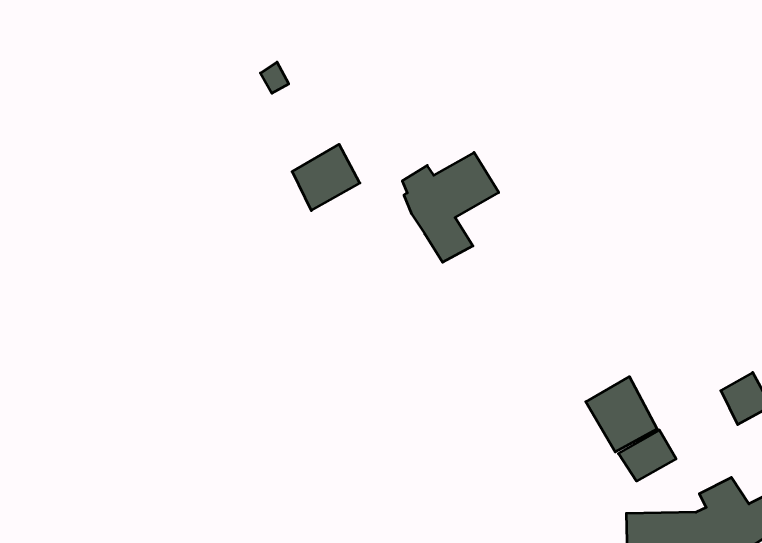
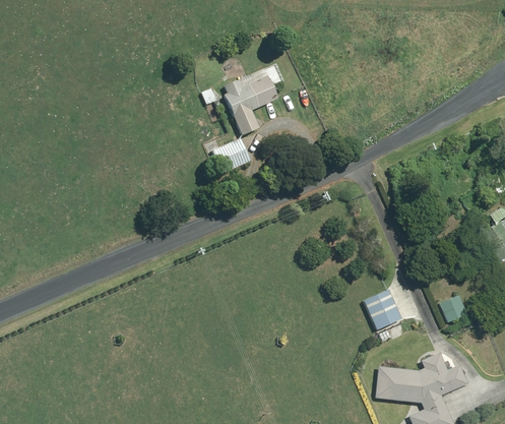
building: [402,152,499,262] -> [224,74,277,134]
building: [618,430,676,481] -> none

